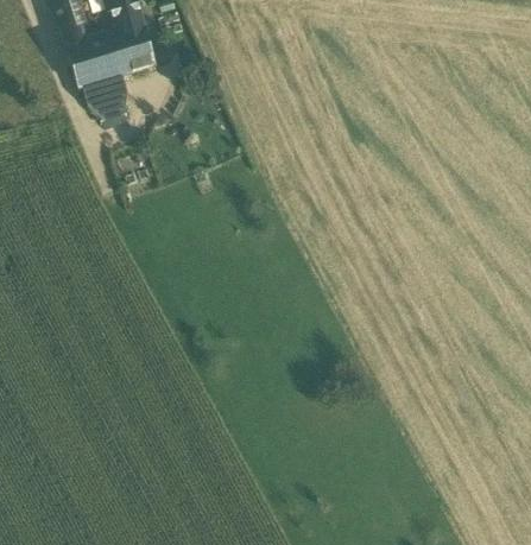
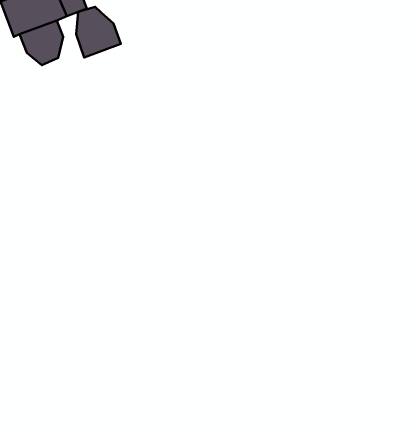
building: none -> [76,7,121,57]

